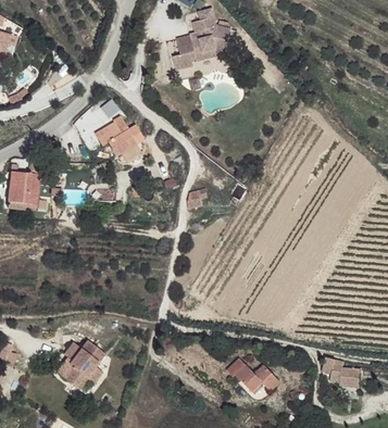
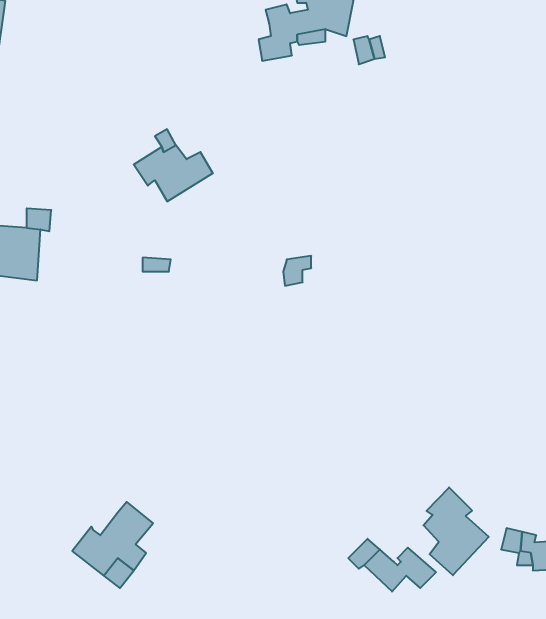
building: none -> [423,487,489,575]

